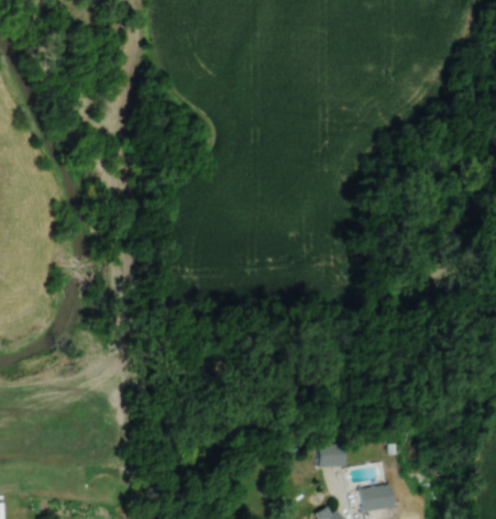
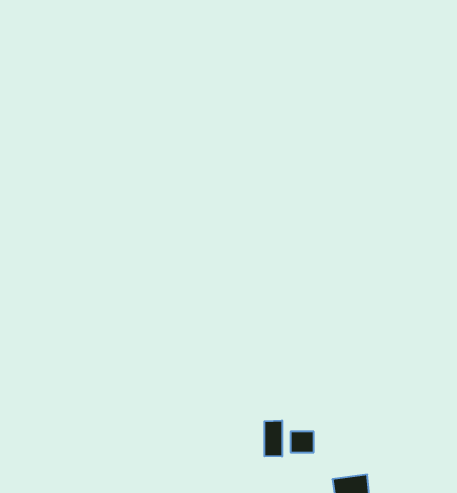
building: none -> [264,420,282,457]

